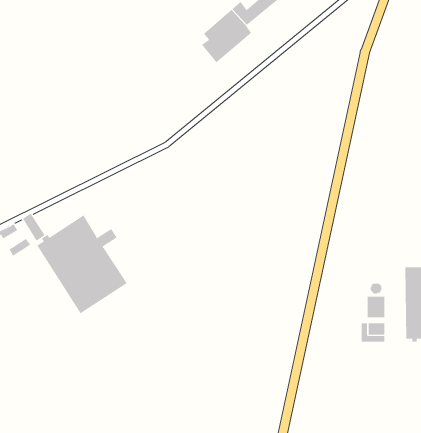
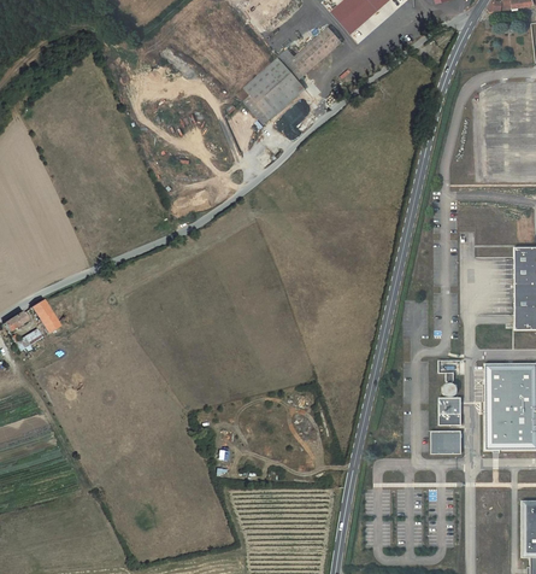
building: [37,214,128,314] -> none

